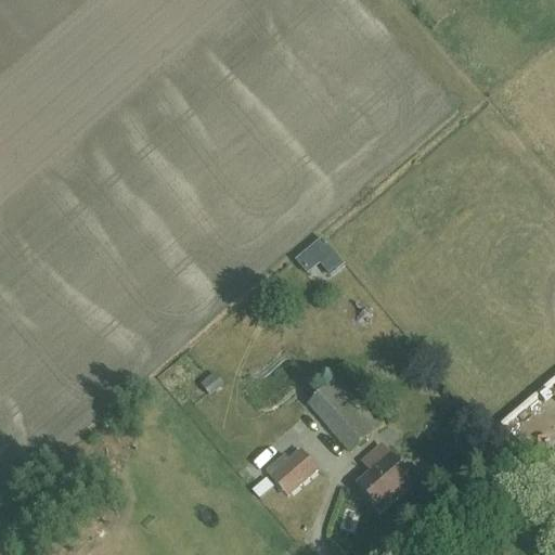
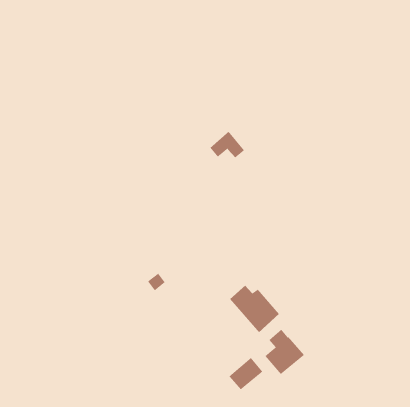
building: [295,234,343,271] -> [210,131,245,158]
building: [270,447,317,491] -> [229,357,263,390]

